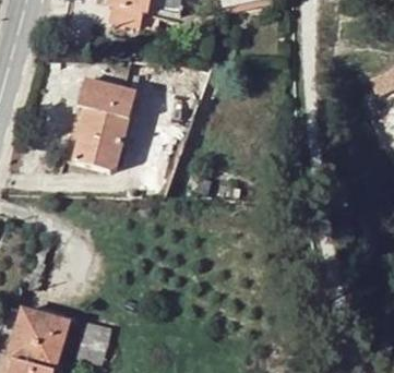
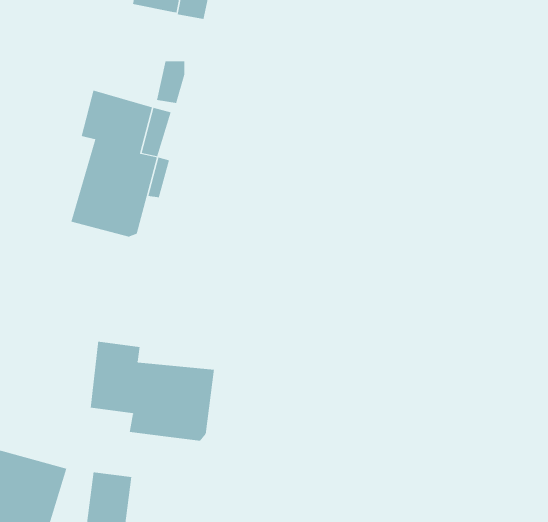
building: none -> [90,341,214,441]

